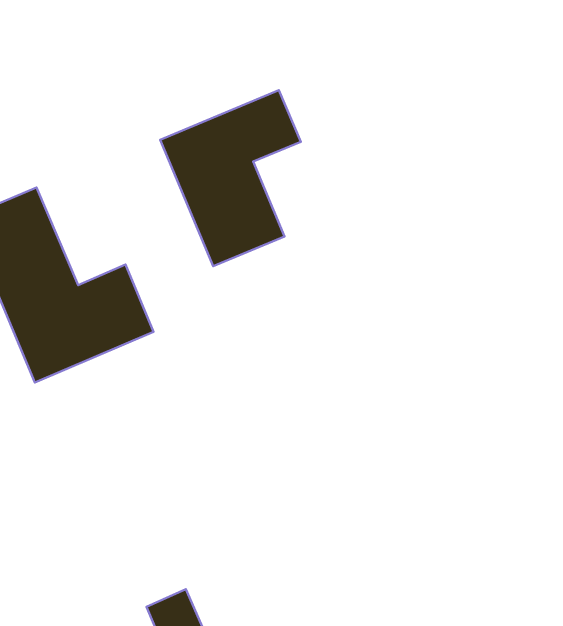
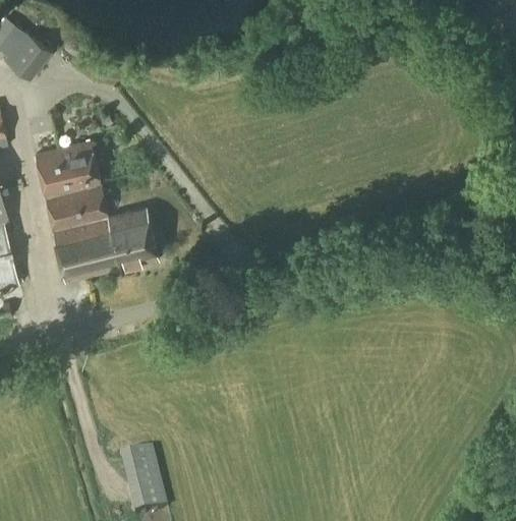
building: [160,90,301,266] -> none

